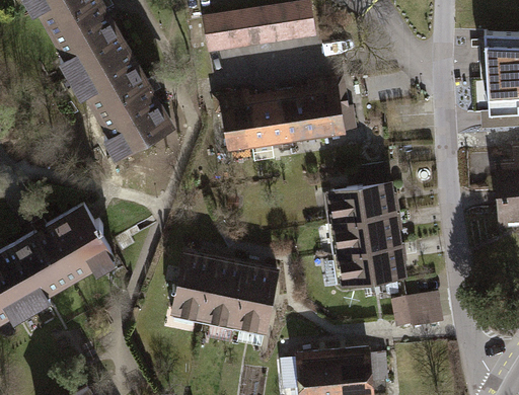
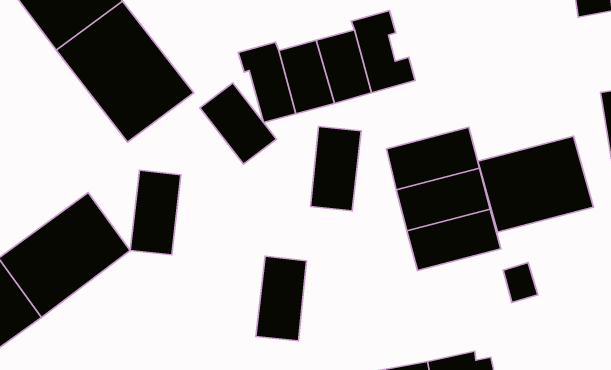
building: none -> [200,83,277,164]
building: none -> [478,136,593,232]
building: [173,257,220,327] -> [130,170,181,255]
building: [239,271,286,341] -> [311,126,361,211]

